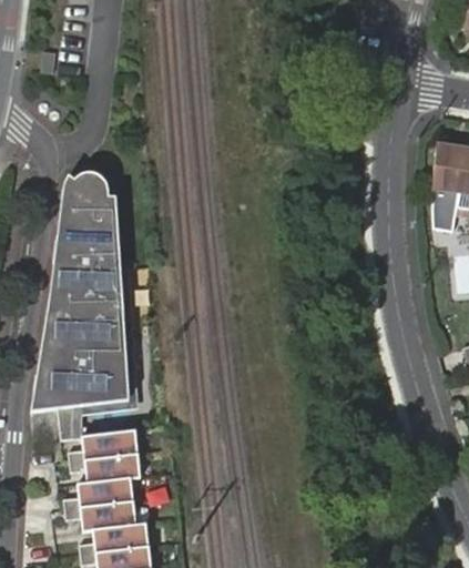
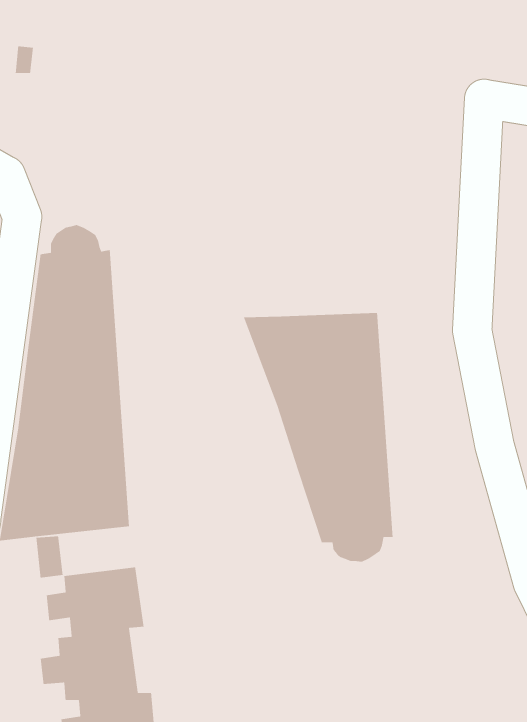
building: none -> [243,312,393,562]

